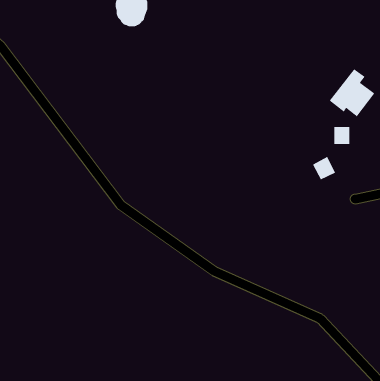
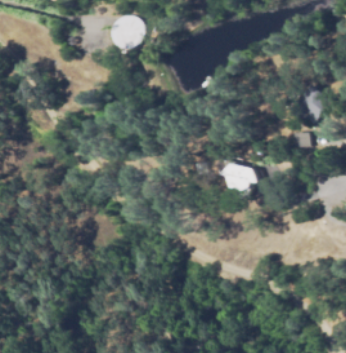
building: none -> [225,163,259,192]

